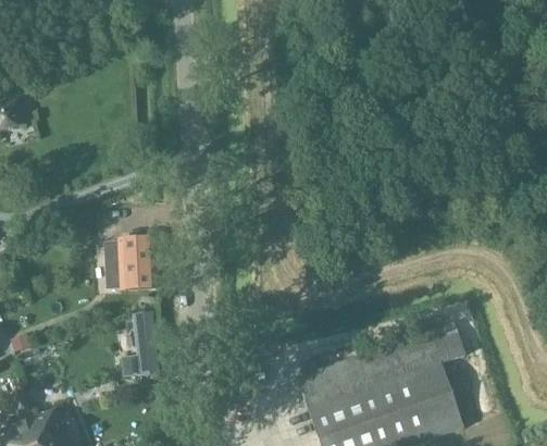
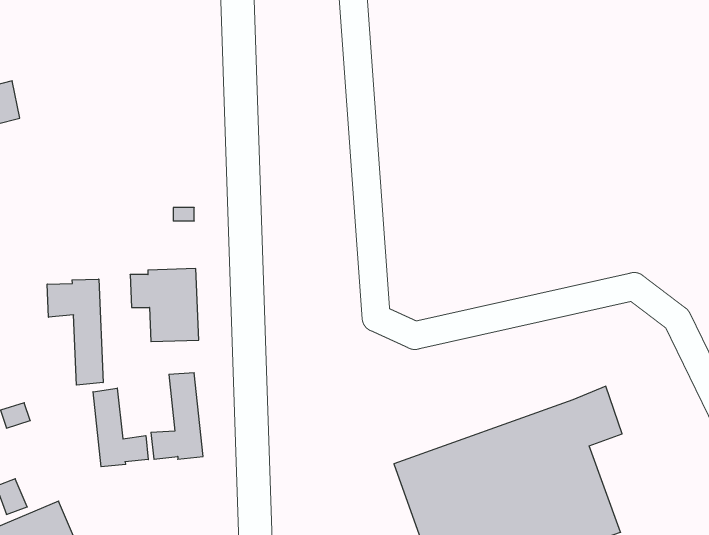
building: none -> [47,279,103,385]
building: none -> [93,388,148,467]

